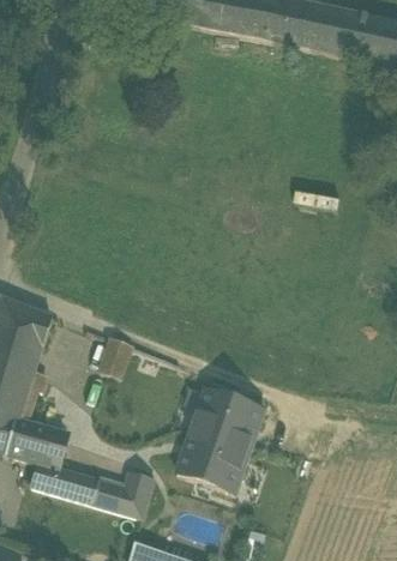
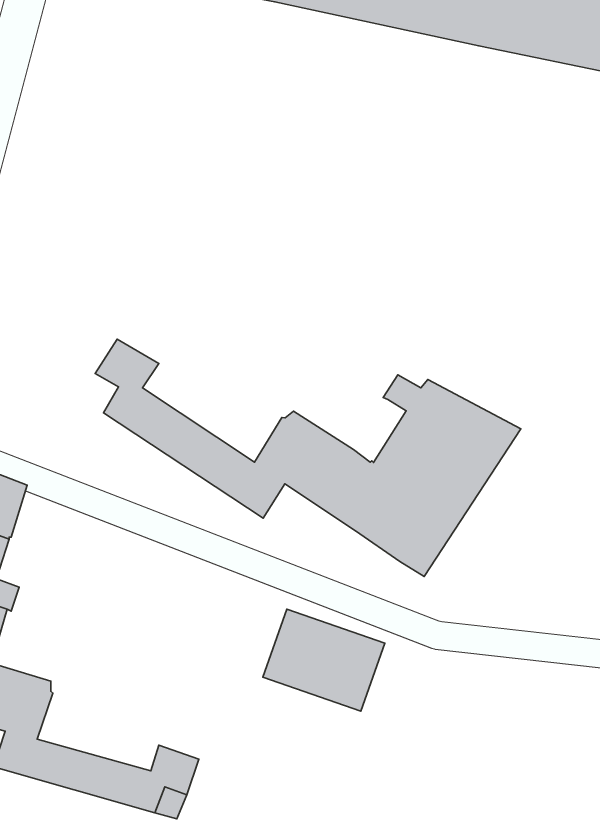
building: none -> [95,339,521,576]
building: [176,429,251,493] -> none

